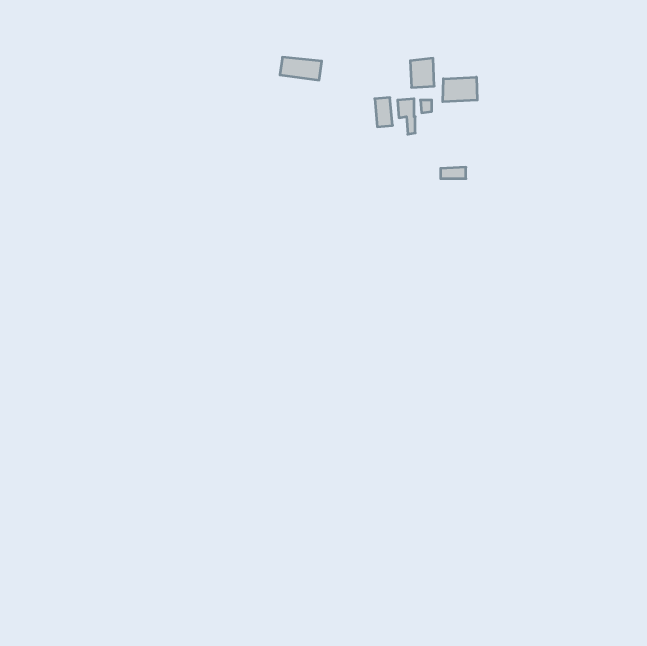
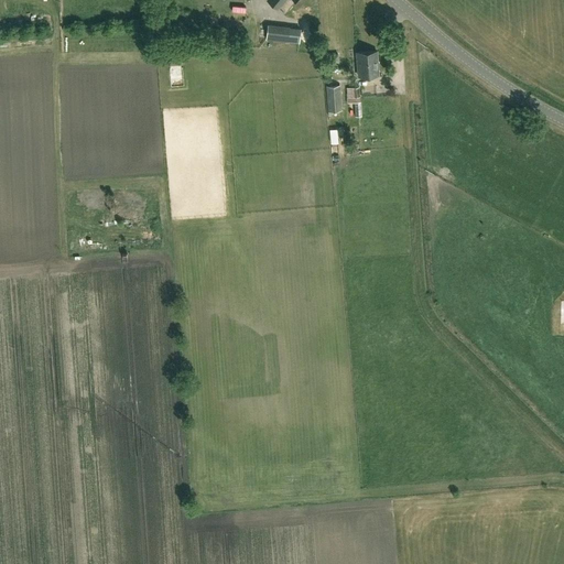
building: [280,57,322,80] -> [265,25,302,45]
building: [443,77,477,102] -> none

